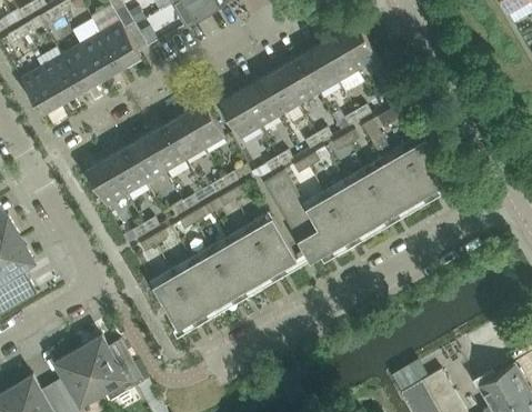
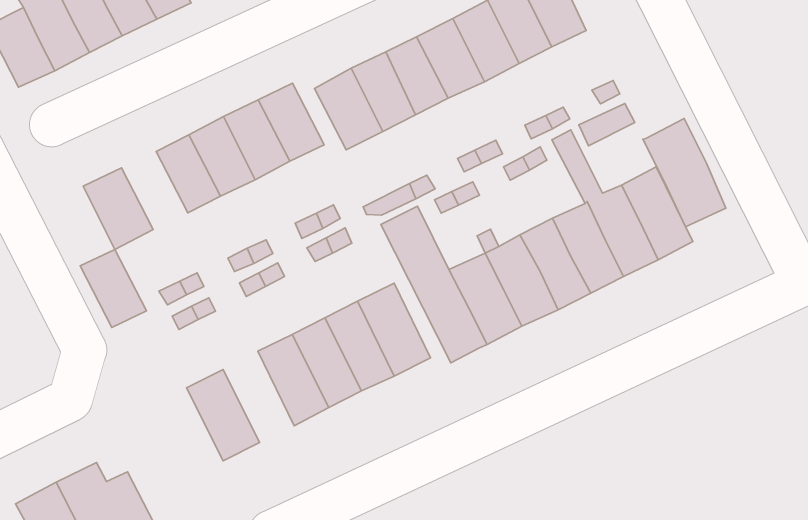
building: none -> [643,119,726,227]
building: [106,148,147,194] -> [80,249,147,327]
building: [173,263,218,318] -> none

